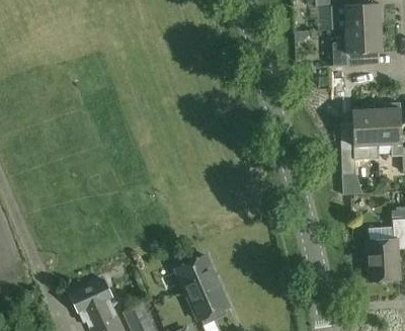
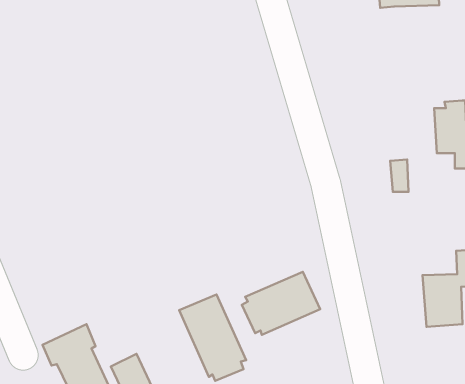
building: [334,27,383,66] -> none
building: [352,108,379,145] -> none
building: none -> [242,272,320,335]

